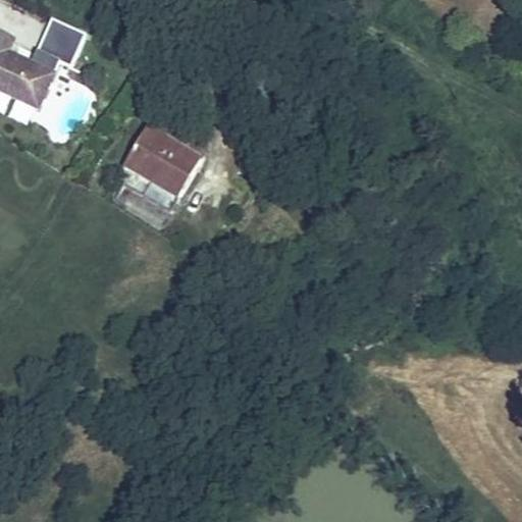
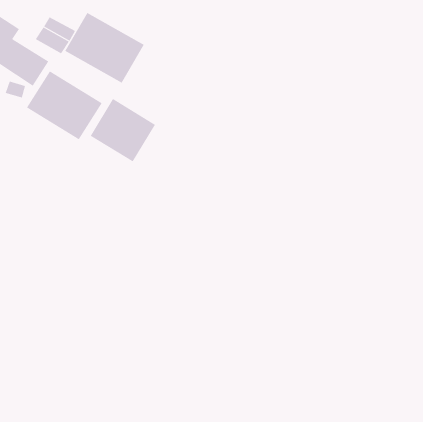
building: none -> [64,12,145,84]
building: none -> [26,70,102,140]

